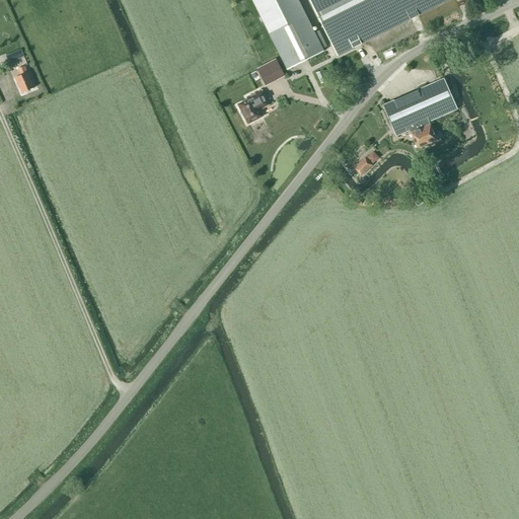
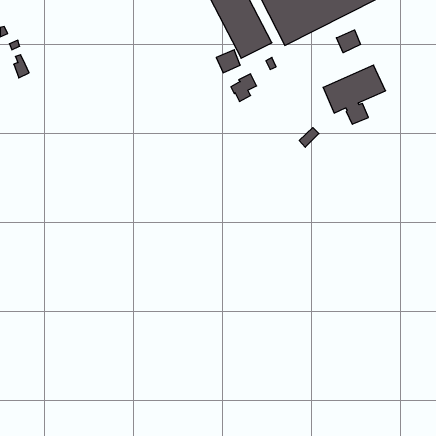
building: none -> [336,30,361,53]
building: [237,89,268,122] -> [231,74,257,101]

